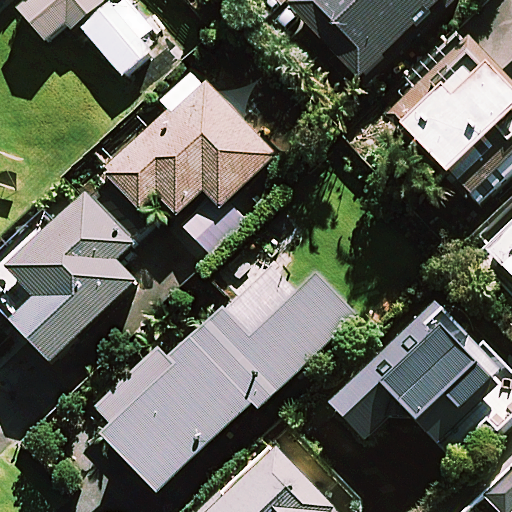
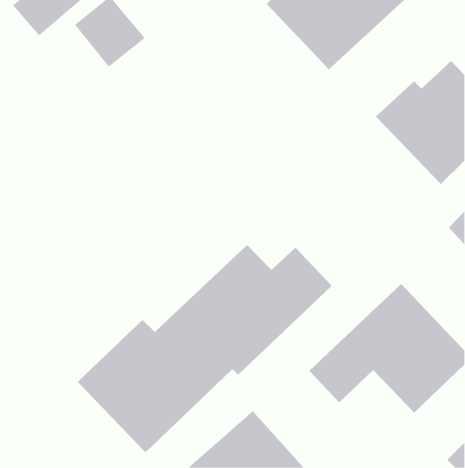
building: [101,68,271,213] -> none
building: [6,190,134,337] -> none

